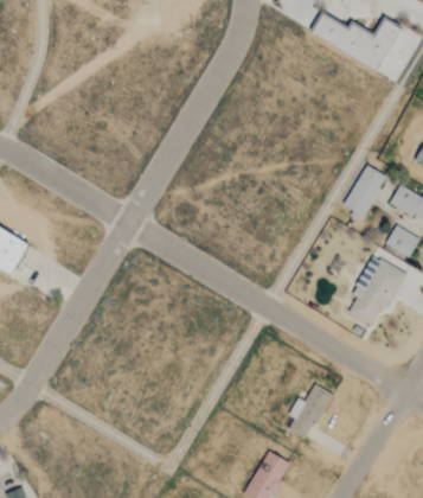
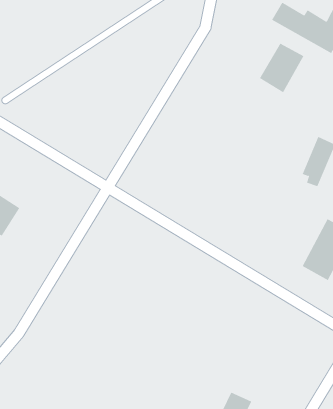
building: none -> [259,43,304,93]
building: [289,384,333,439] -> none

